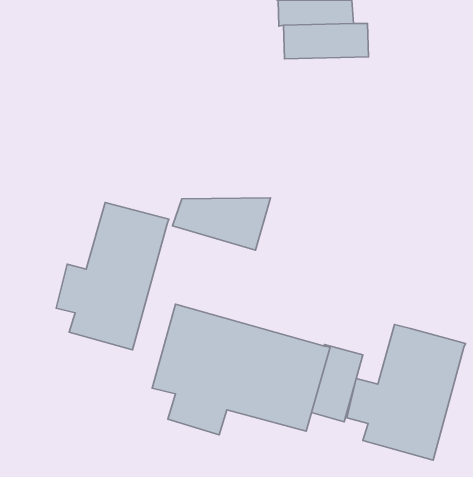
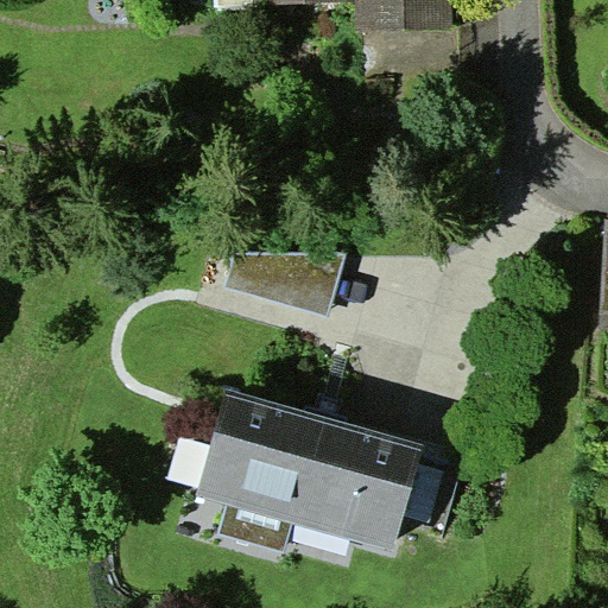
building: [56,202,169,350] -> none
building: [347,324,466,460] -> none

